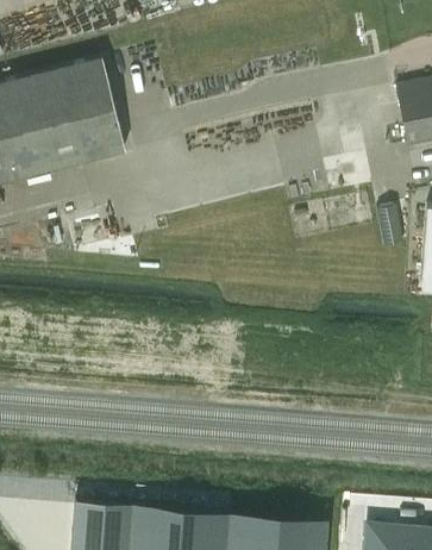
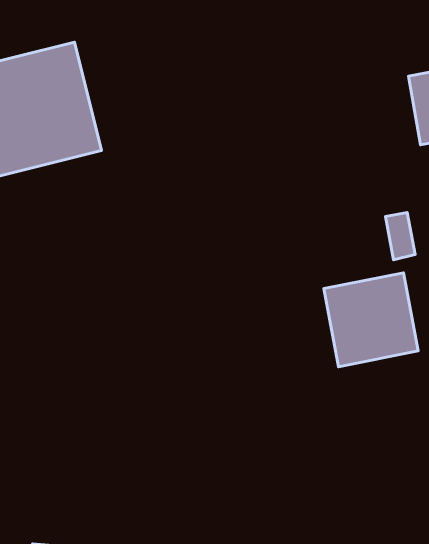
building: none -> [324,273,418,367]

